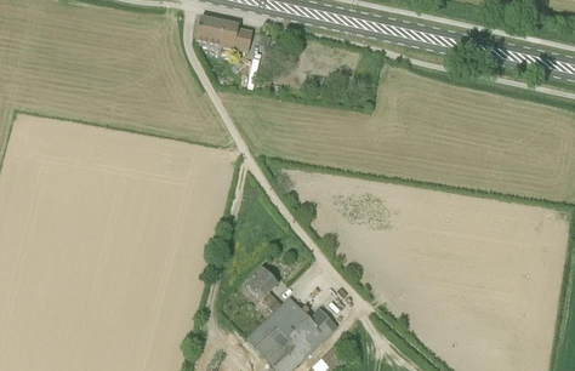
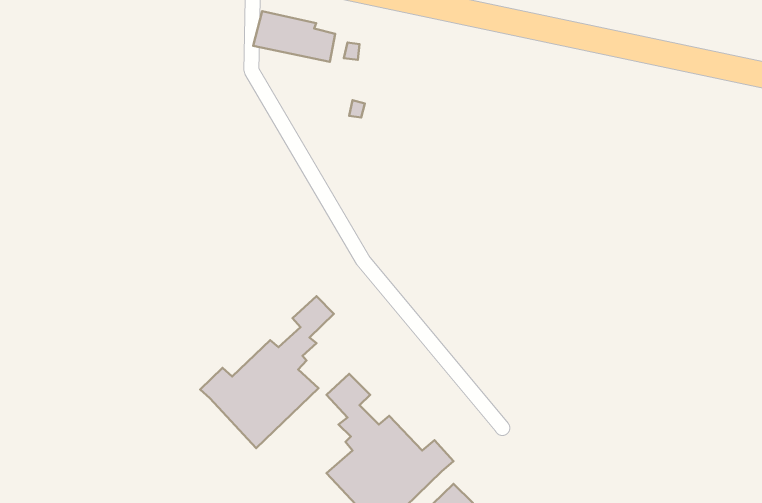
building: none -> [200,296,334,448]

